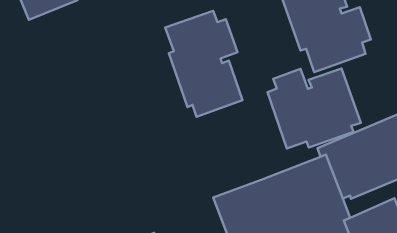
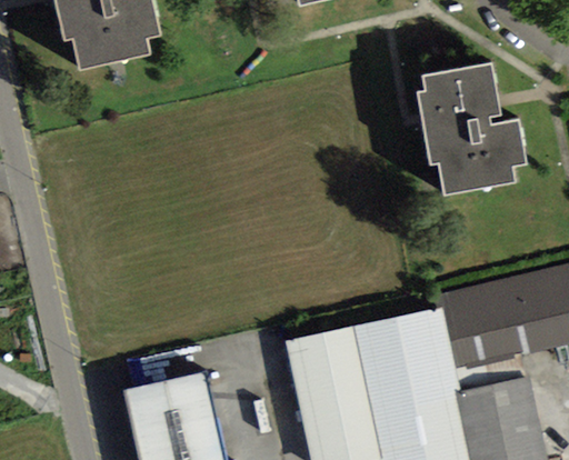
building: [165,11,242,117] -> none
building: [267,68,361,149] -> none

